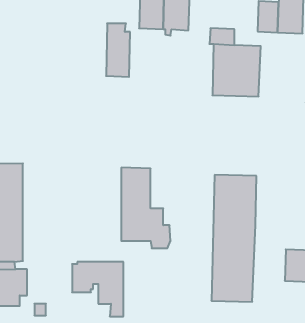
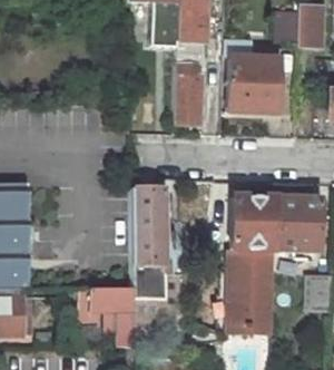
building: [106,23,130,77] -> [176,67,202,124]
building: none -> [275,197,318,250]
building: none -> [135,266,165,299]

